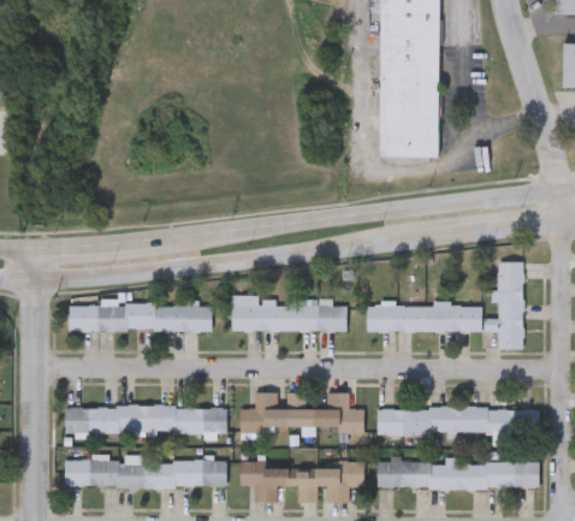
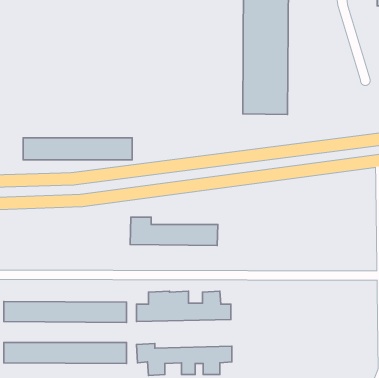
building: [367,261,523,349] -> none
building: [69,303,212,332] -> [23,138,132,160]
building: [377,408,538,433] -> none
building: [377,461,539,489] -> none

